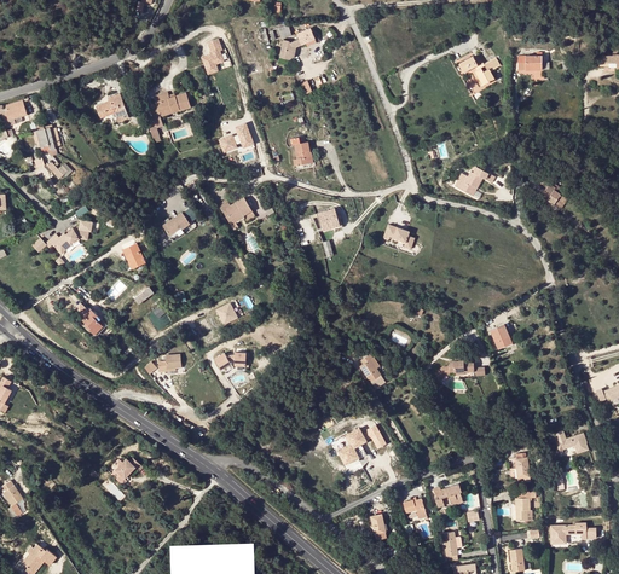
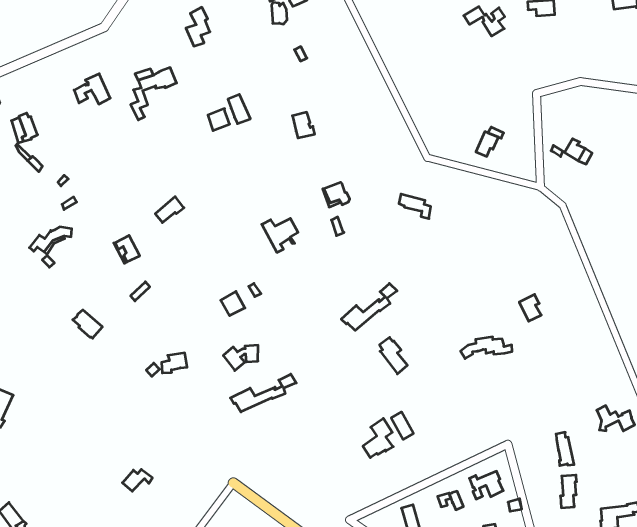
building: [218,201,250,231] -> [262,218,298,252]
building: none -> [341,283,397,330]
building: none -> [230,374,296,412]

